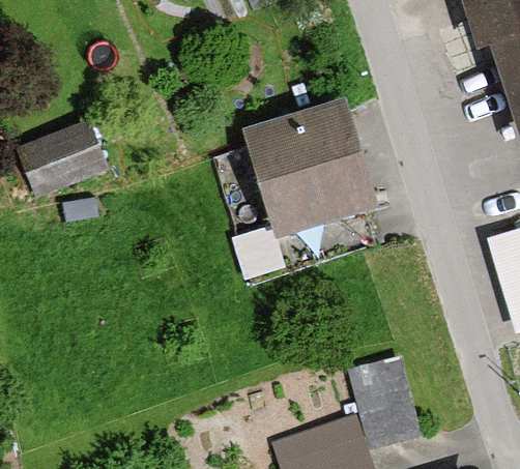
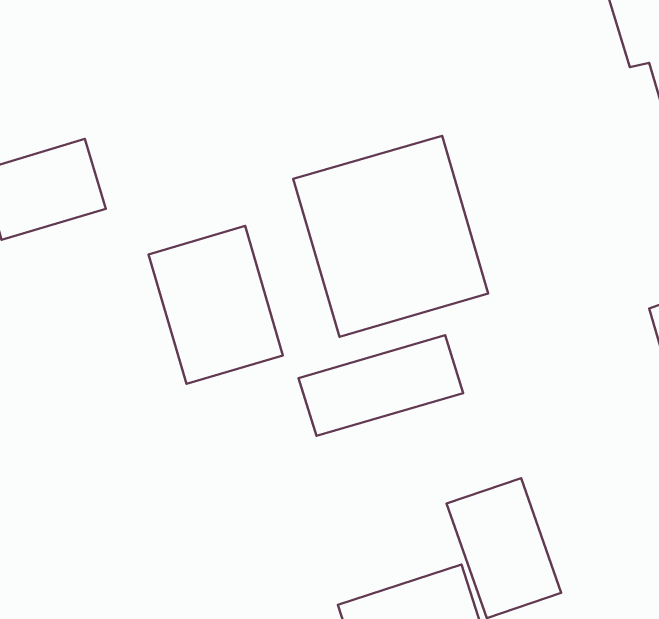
building: none -> [149,226,283,384]
building: none -> [299,335,463,436]

